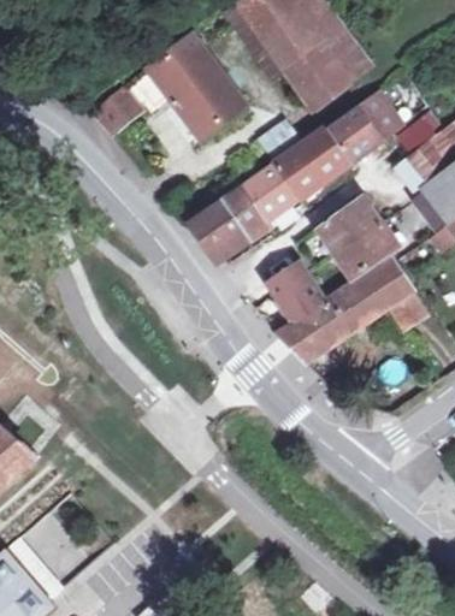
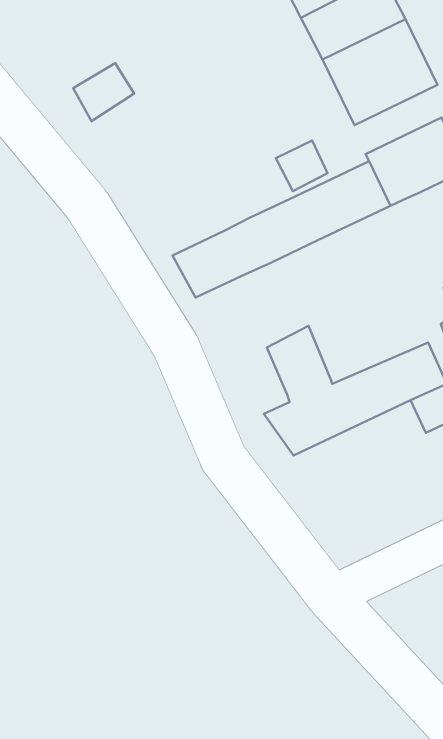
building: [134,34,246,140] -> none
building: [320,200,397,277] -> none

